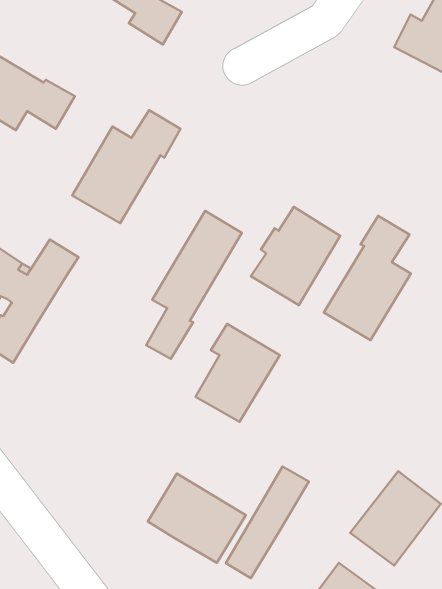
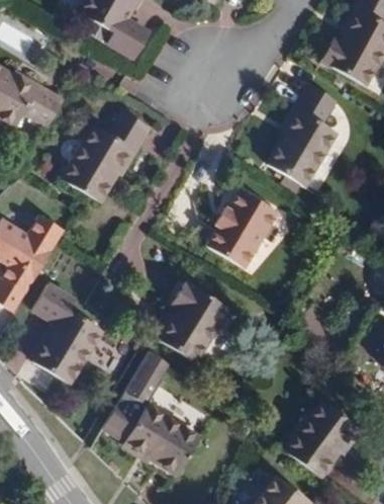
building: [146,211,242,359] -> none
building: [324,216,411,340] -> [268,85,338,185]
building: none -> [31,282,102,384]
building: [226,466,309,578] -> [102,351,169,441]

